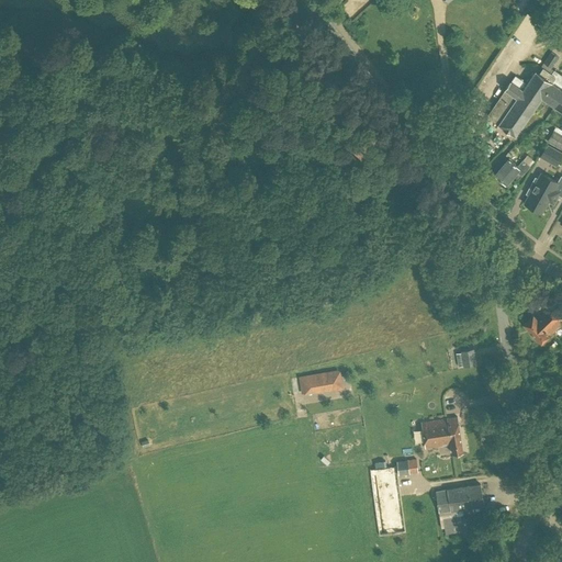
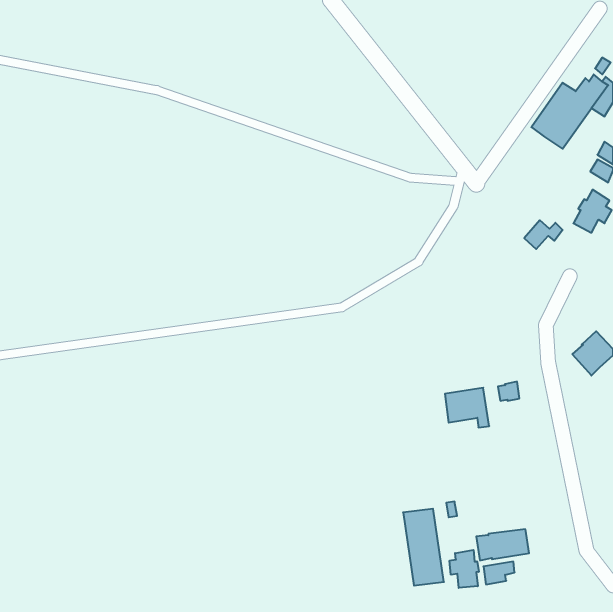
building: [494,159,529,186] -> [524,220,563,249]
building: [301,372,339,395] -> none
building: [422,418,462,454] -> [445,388,489,427]
building: none -> [450,550,479,588]

